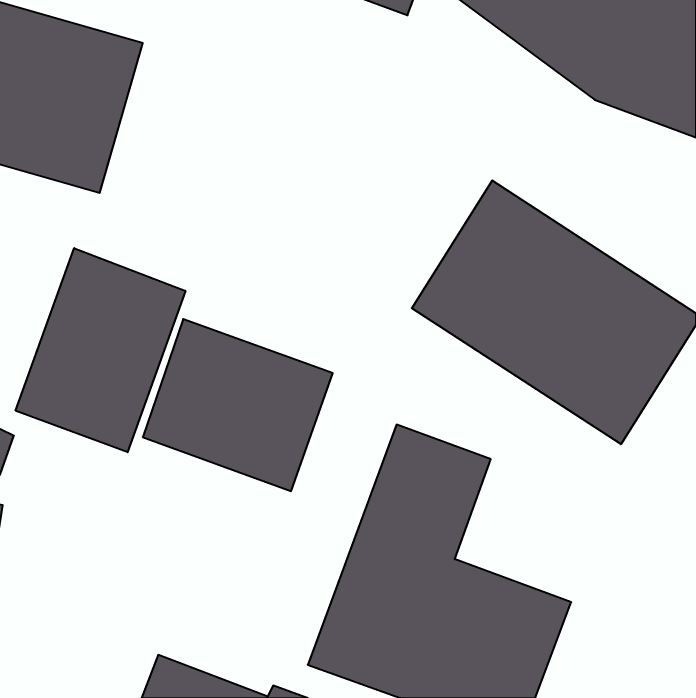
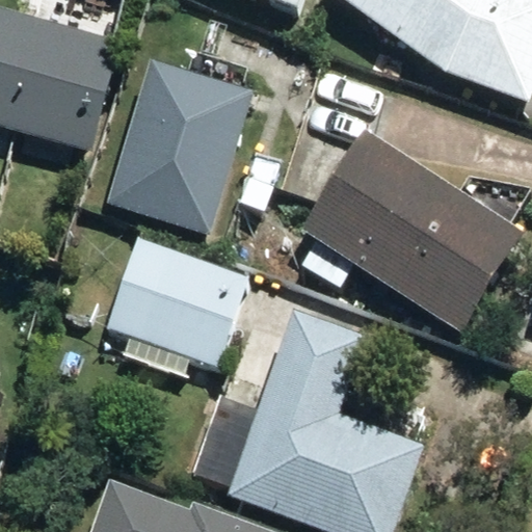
building: none -> [97,49,243,228]
building: [16,248,185,452] -> none

